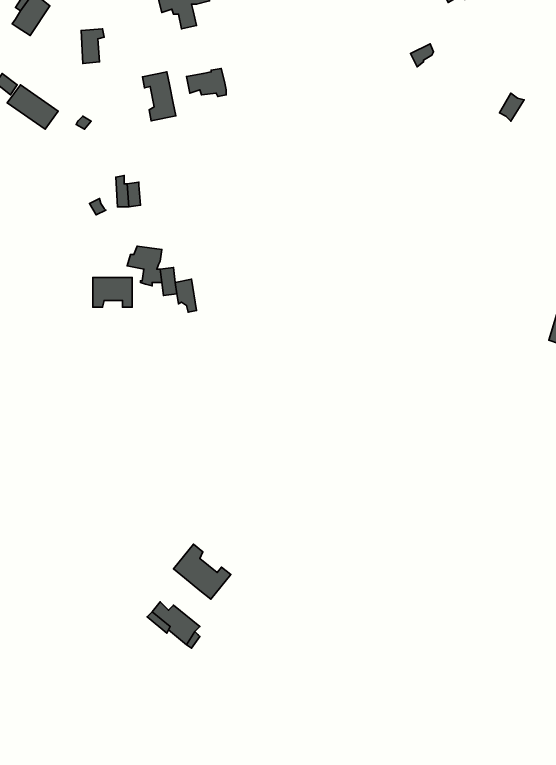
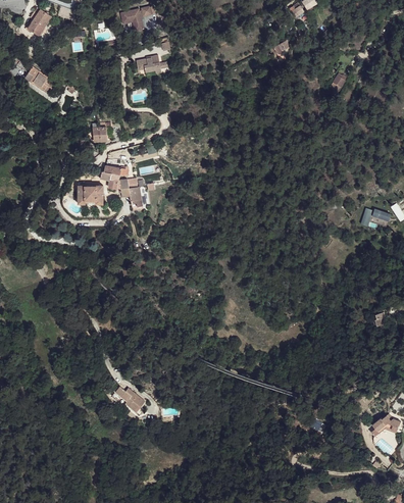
building: [142,72,176,121] -> none
building: [173,544,231,599] -> none

